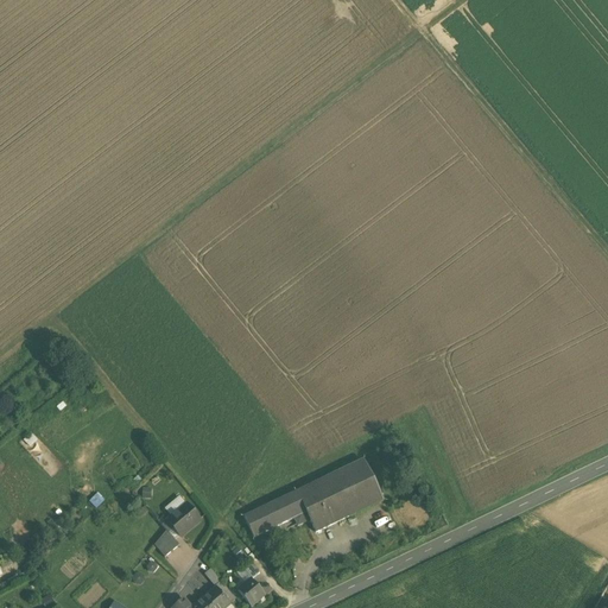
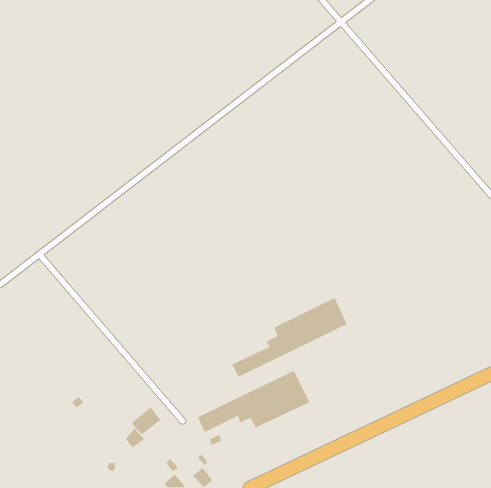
building: none -> [231,297,348,378]

